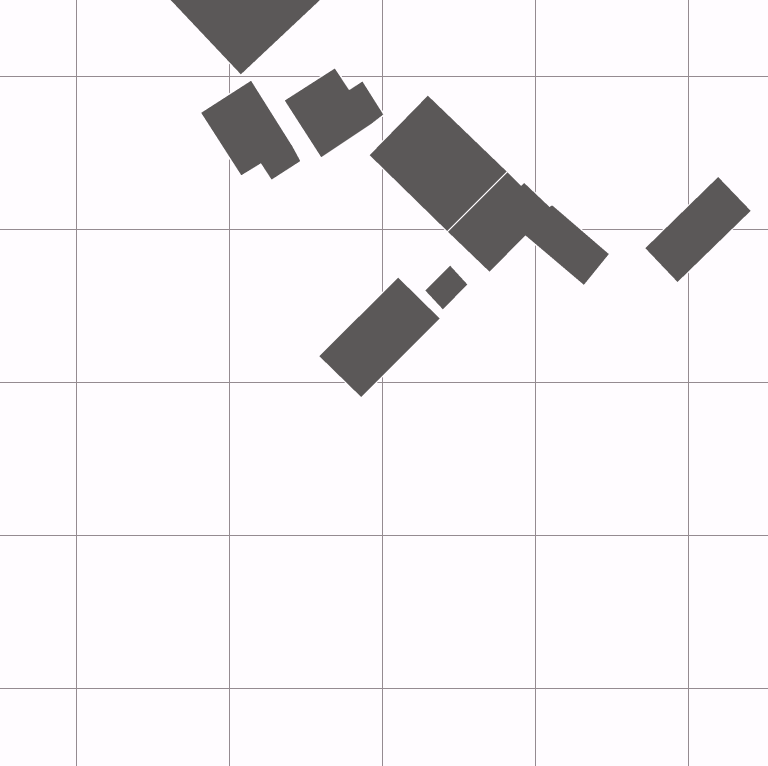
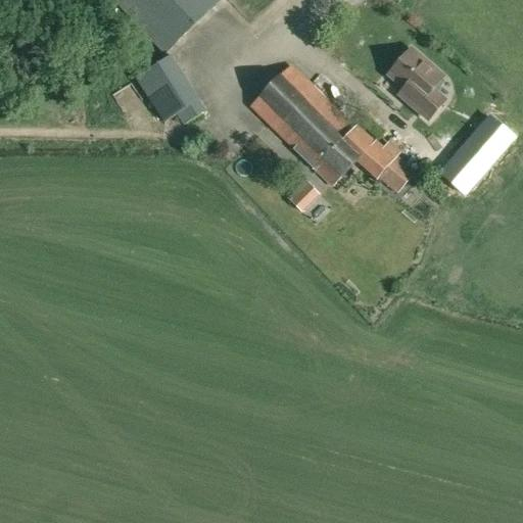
building: [284,67,384,158] -> none
building: none -> [387,47,444,117]
building: [319,277,441,398] -> none

